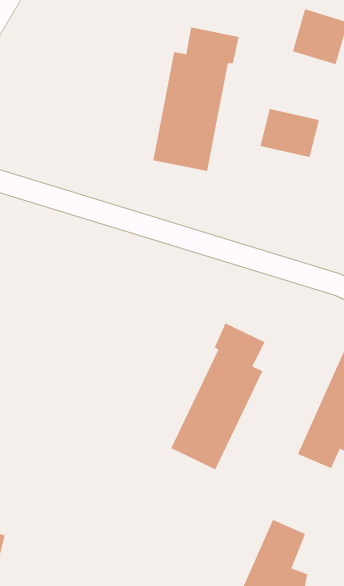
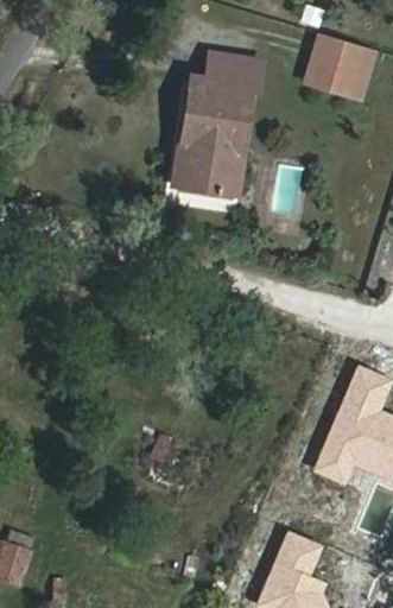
building: [260,108,320,158] -> none
building: [170,323,265,470] -> none

